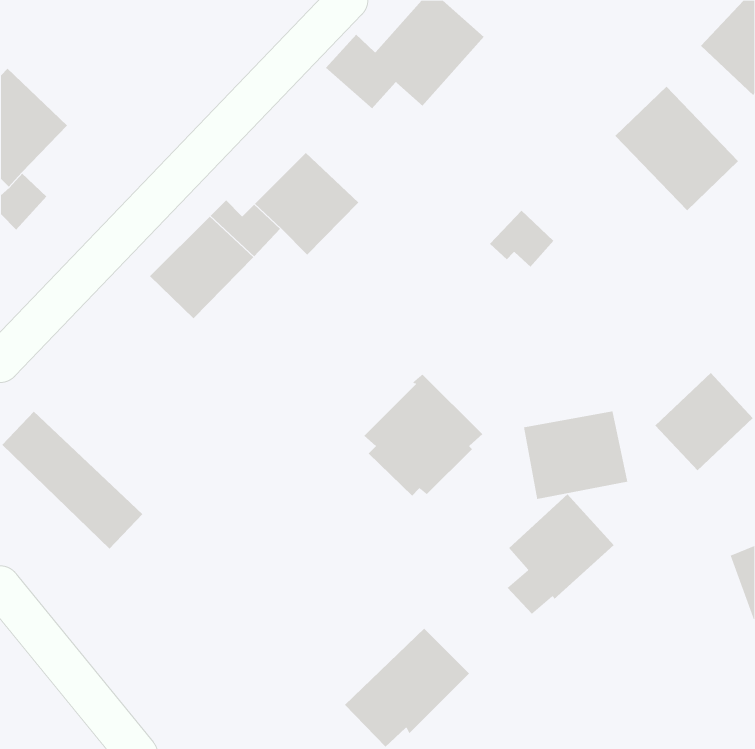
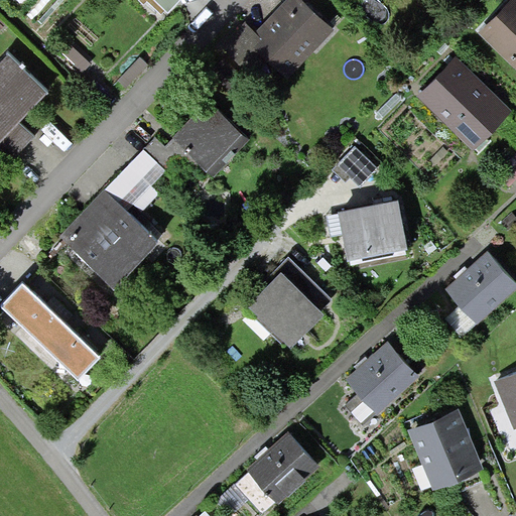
building: none -> [60,192,152,284]
building: [523,411,628,499] -> [339,196,410,256]
building: none -> [407,409,482,489]

